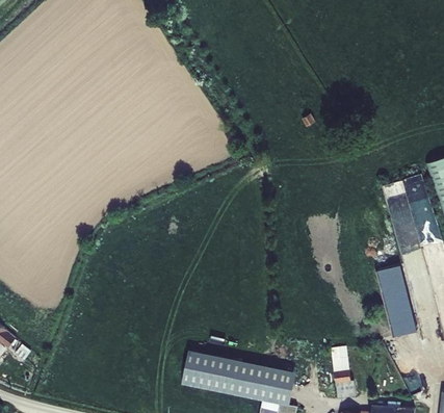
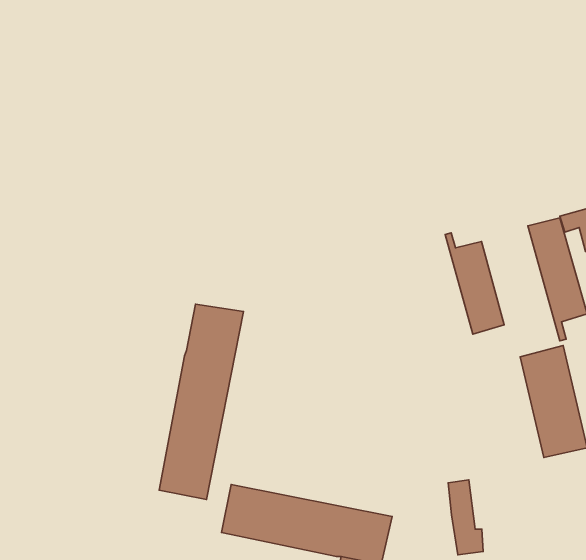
building: none -> [445,233,504,334]
building: none -> [159,304,244,499]

